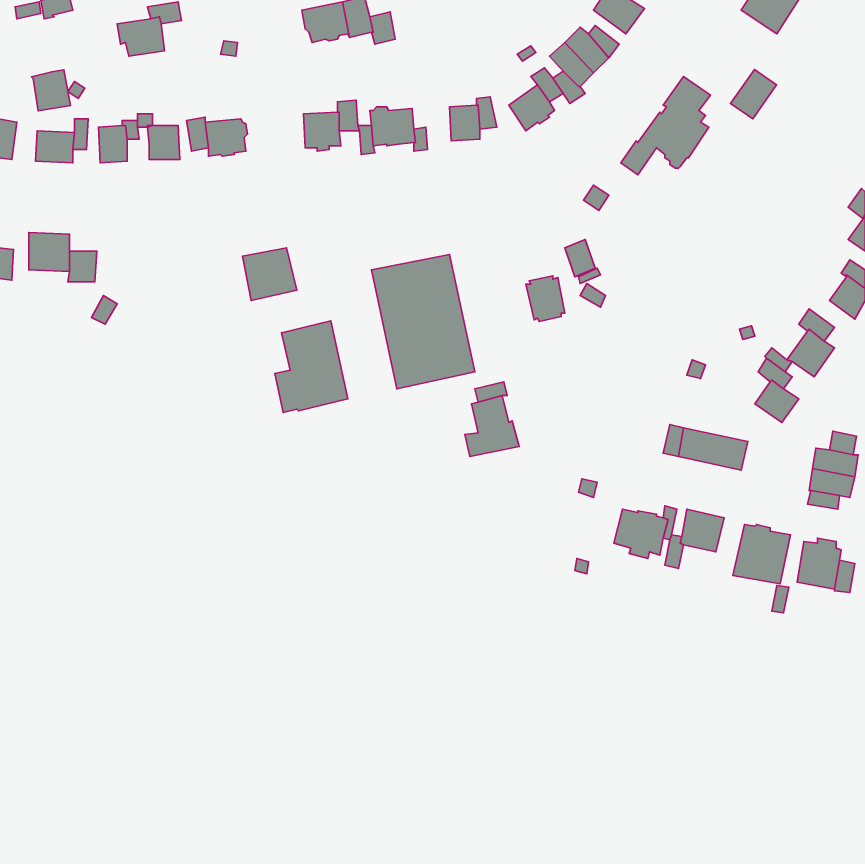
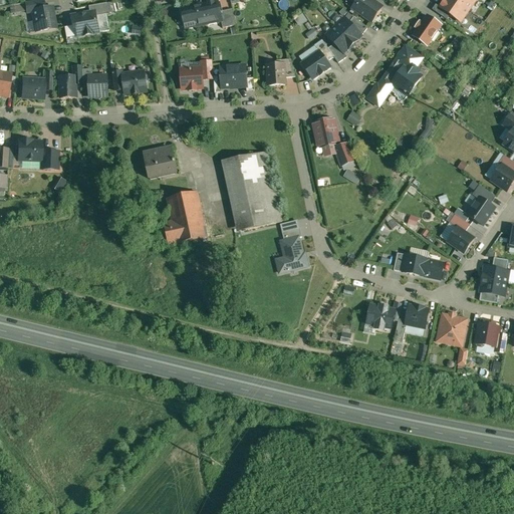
building: [731,69,776,119] -> [413,14,440,43]
building: [31,70,71,111] -> [31,5,54,29]
building: [526,276,565,322] -> [313,117,336,145]

